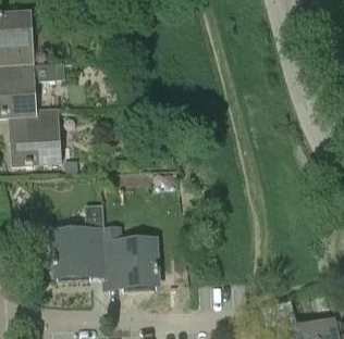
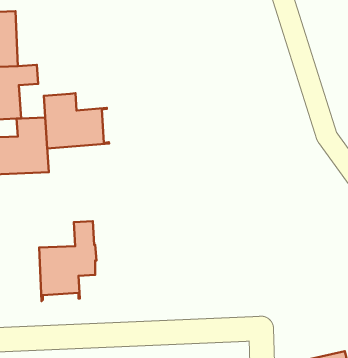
building: none -> [44,93,109,149]
building: [103,225,156,288] -> none

